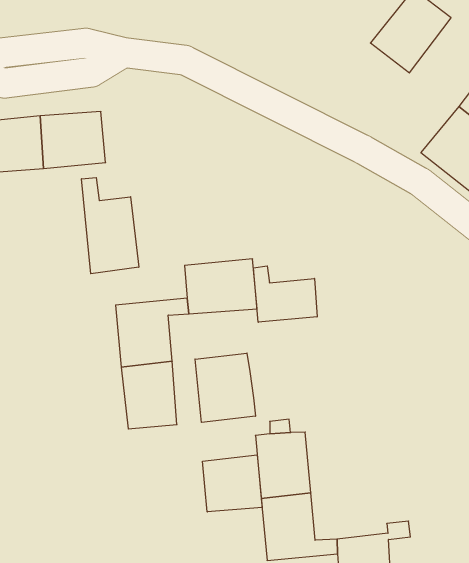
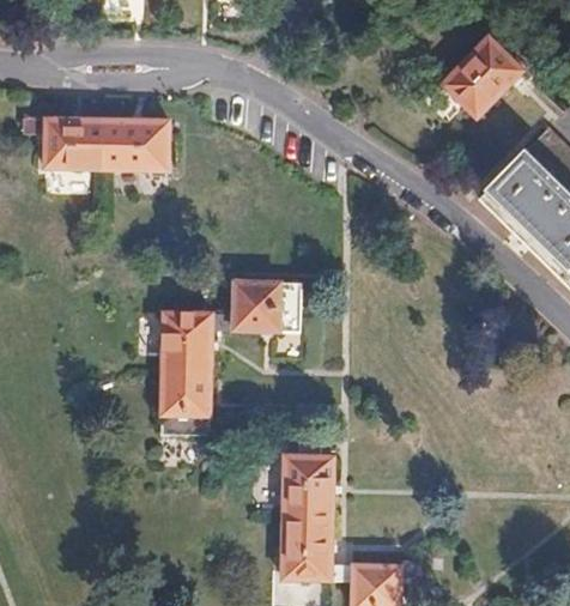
building: [82,178,139,274] -> none
building: [253,266,317,322] -> none
building: [195,353,255,422] -> none
building: [203,455,262,512] -> none

